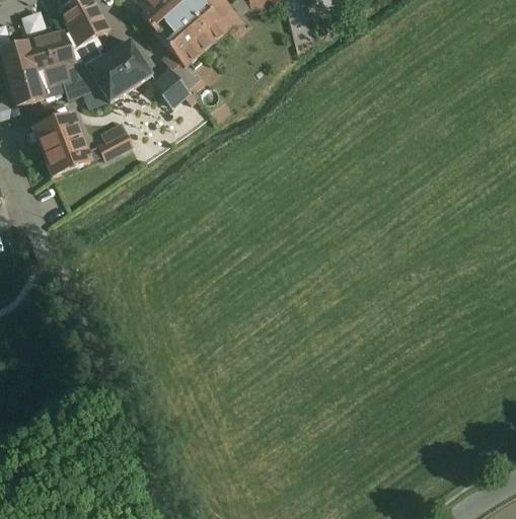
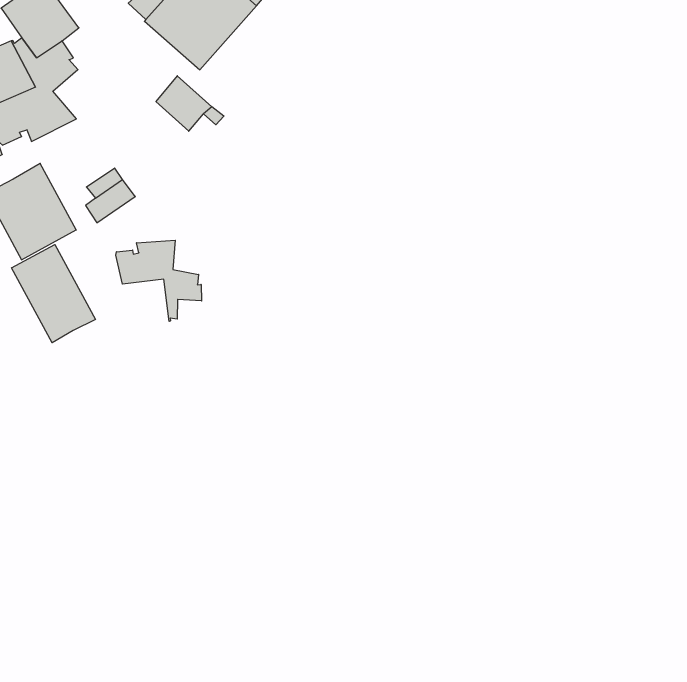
building: [87,38,153,100] -> none
building: none -> [12,245,95,343]
building: none -> [116,240,202,321]

